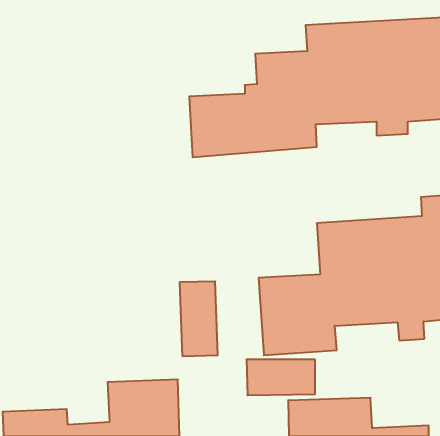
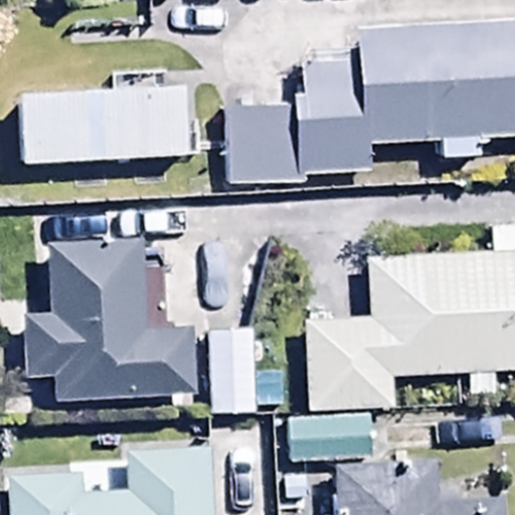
building: none -> [18,72,200,161]
building: none -> [20,239,193,399]

